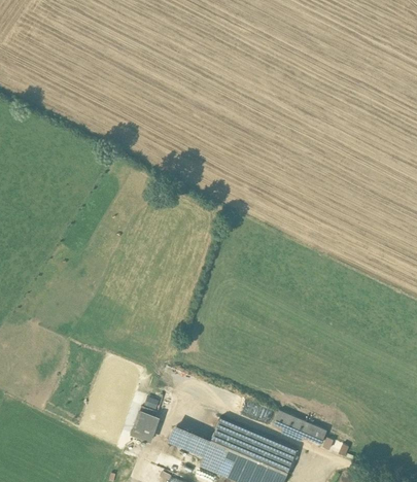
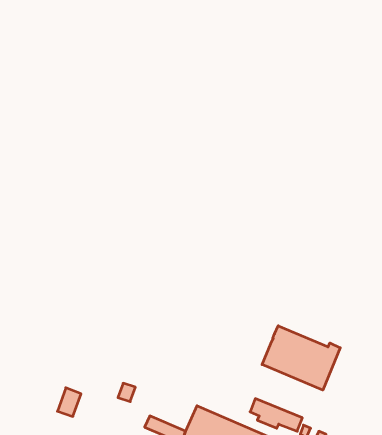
building: none -> [262,326,340,390]
building: [132,411,155,440] -> [57,388,81,416]

